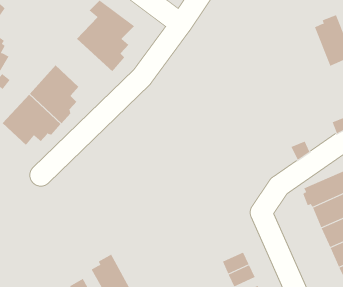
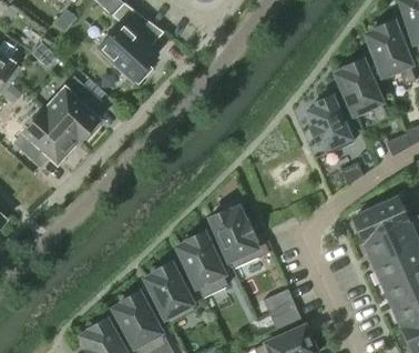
building: none -> [336,59,386,122]
building: none -> [307,95,349,150]
building: none -> [209,209,268,269]
building: none -> [177,231,227,297]
building: none -> [145,262,194,323]

